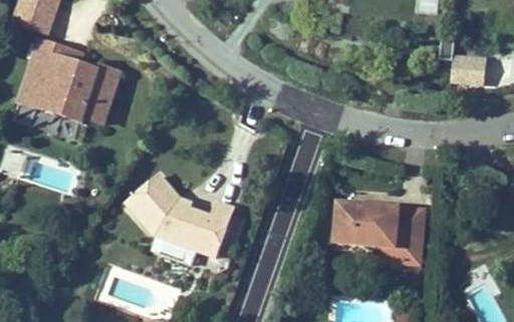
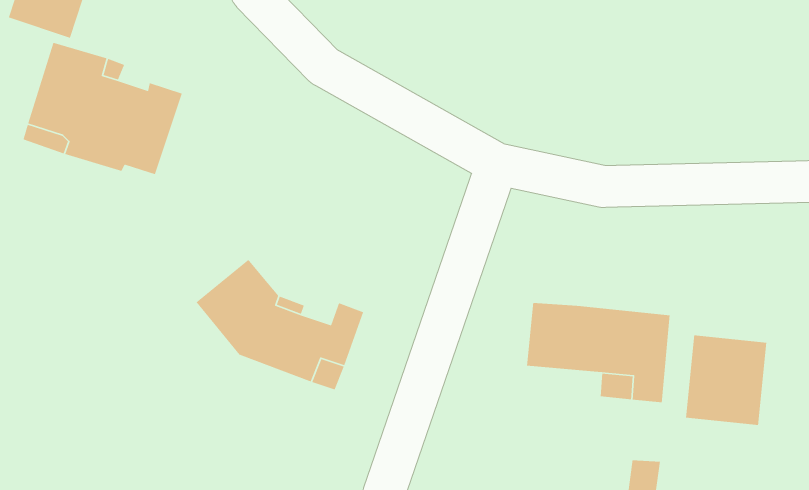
building: [450,55,486,87] -> none
building: none -> [685,334,767,426]

